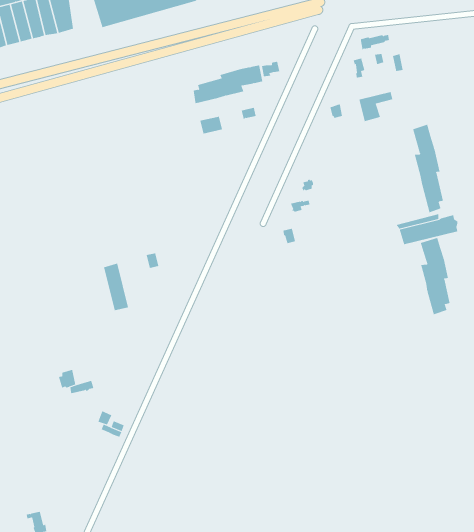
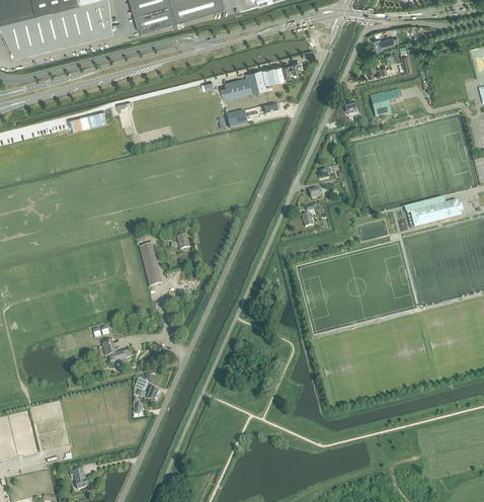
building: [412,124,443,213] -> none
building: [420,237,450,315] -> none

